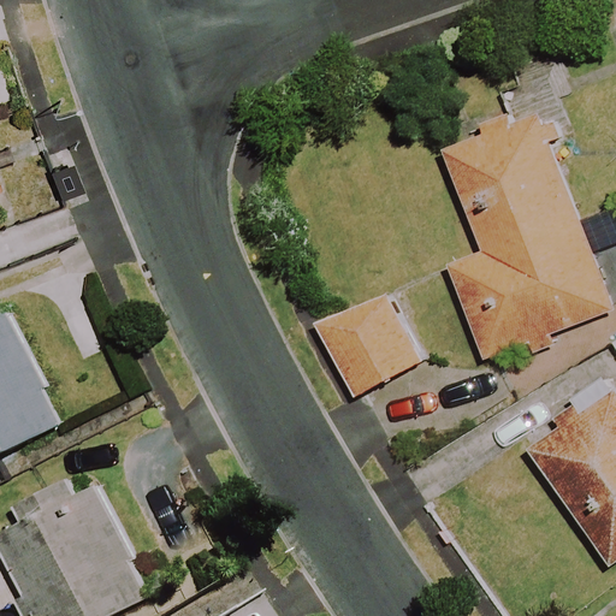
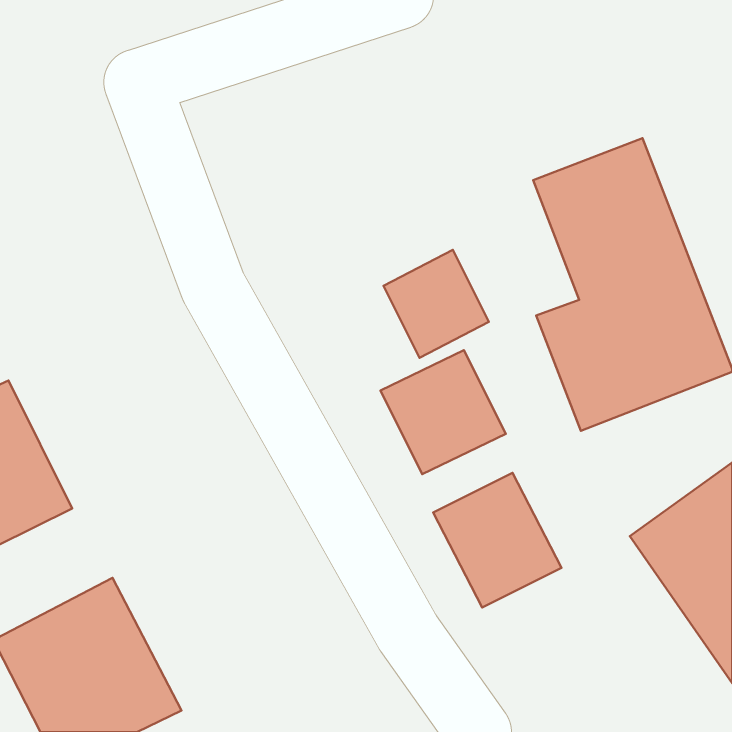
building: none -> [384,250,489,358]
building: none -> [433,473,561,607]

